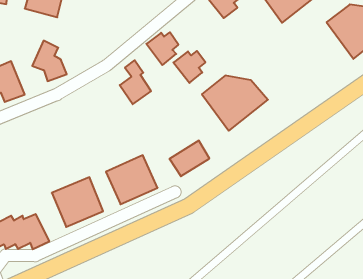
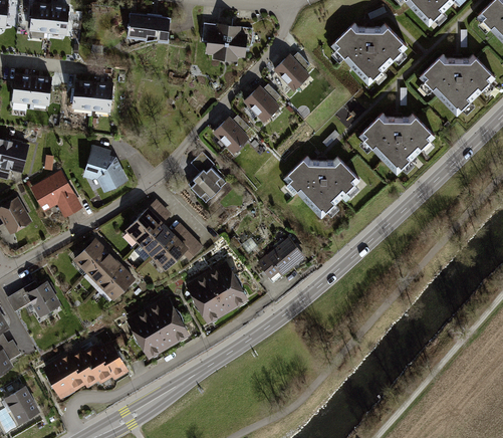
building: none -> [357,113,435,175]
building: [173,51,205,83] -> [245,82,282,121]
building: none -> [120,203,199,276]
building: none -> [72,238,136,300]

